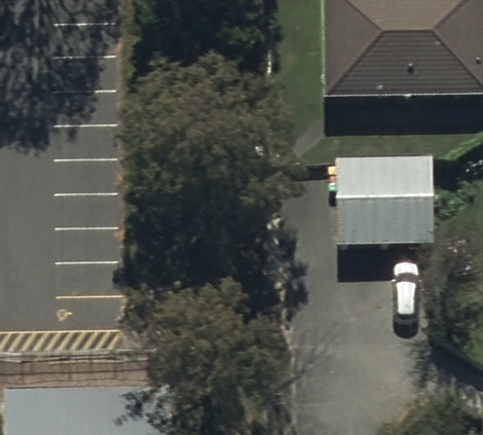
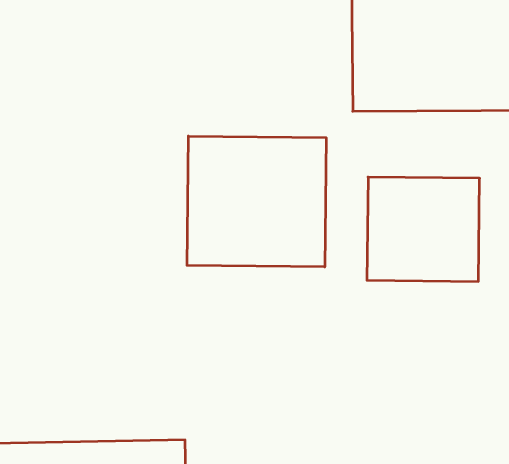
building: none -> [187,136,326,267]

